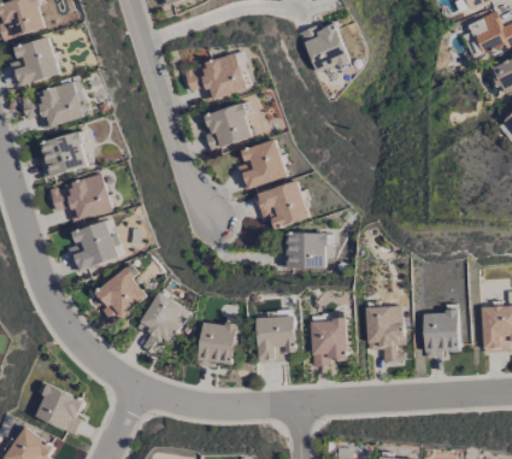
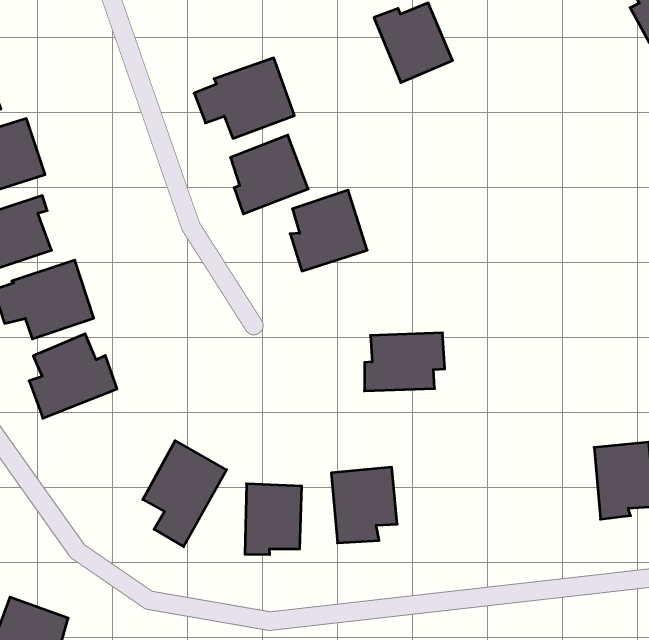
building: [257,181,310,228] -> none
building: [95,263,147,323] -> none
building: [366,305,406,360] -> none
building: [311,318,348,365] -> none

